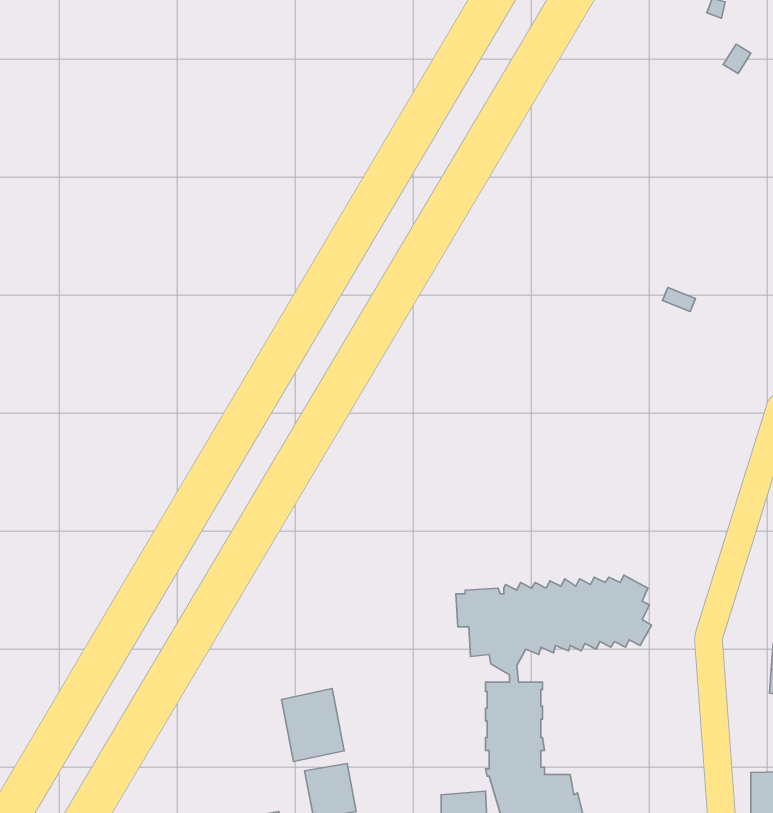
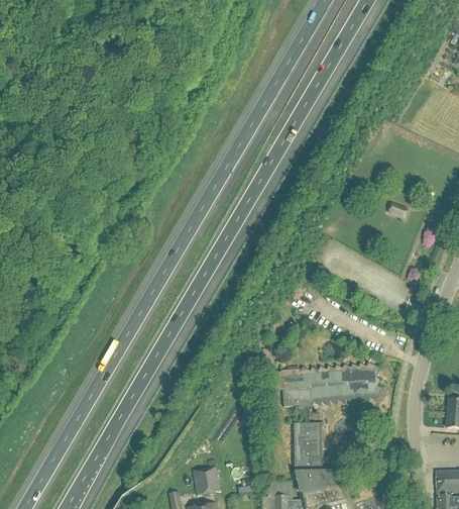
building: [281,689,344,762] -> none

